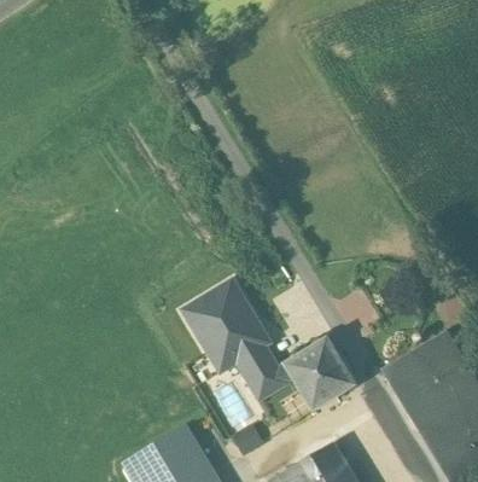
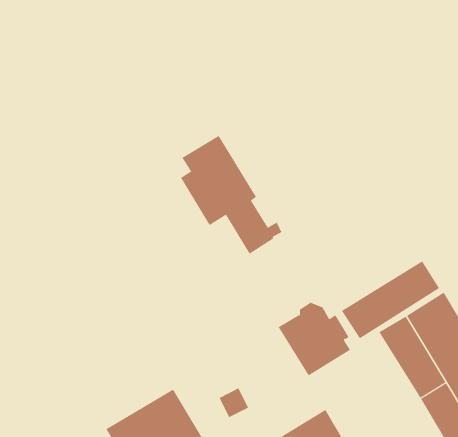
building: [192,283,290,397] -> [180,135,282,255]
building: none -> [341,260,440,339]

